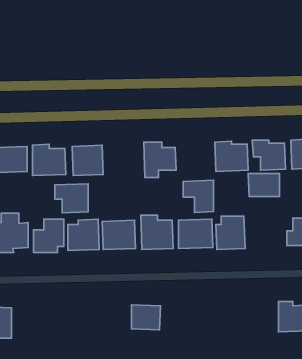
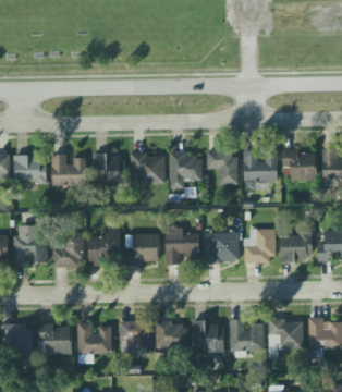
building: [248,174,279,196] -> [279,235,312,259]
building: [183,180,213,213] -> [206,151,237,185]
building: [55,184,88,213] -> [130,154,164,184]
building: none -> [229,319,262,351]
building: none -> [267,319,303,358]
building: none -> [119,321,150,355]
building: none -> [76,322,111,364]
building: none -> [192,322,223,352]
building: none -> [37,324,71,354]

